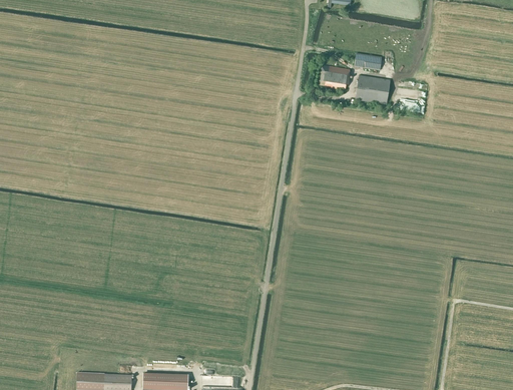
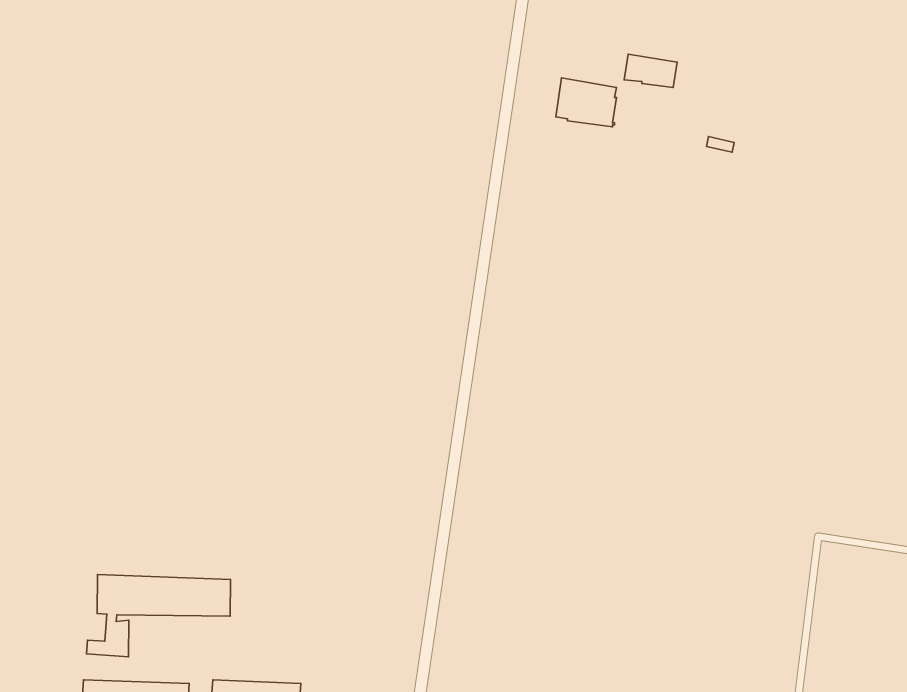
building: [355,75,390,104] -> none
building: none -> [87,575,231,657]

